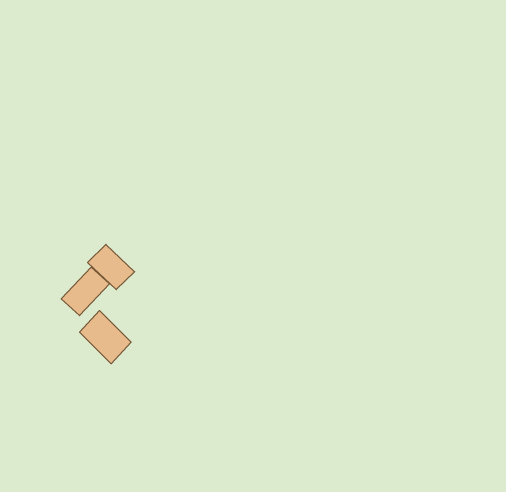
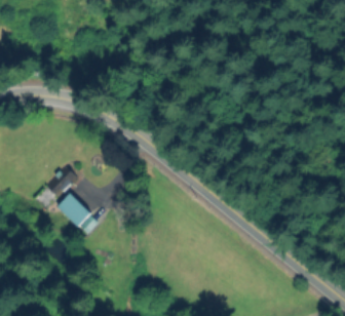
building: [88,244,135,290] -> none

